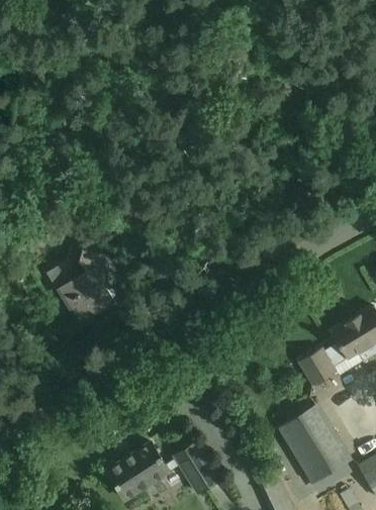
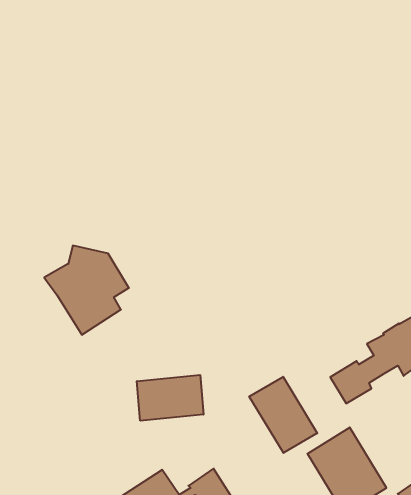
building: none -> [137,375,203,421]
building: none -> [249,377,317,453]

